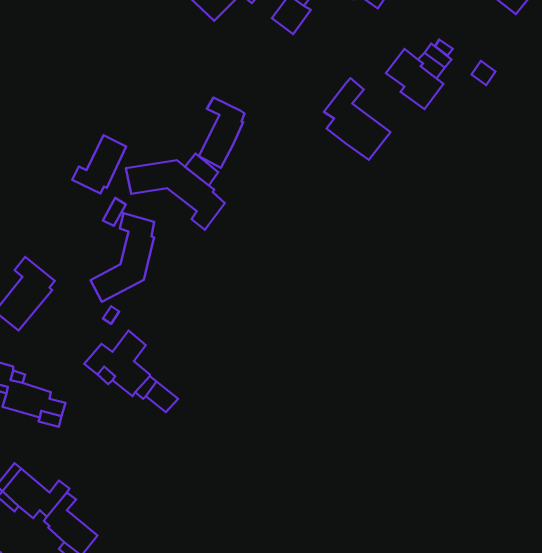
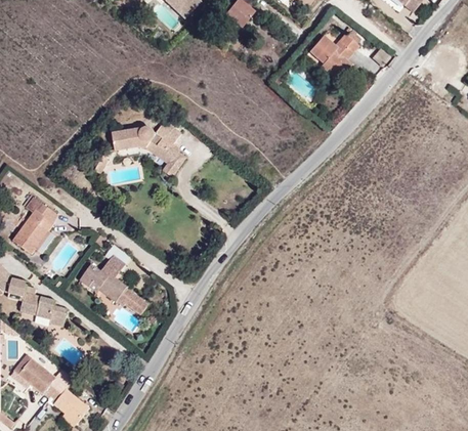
building: [324,78,390,160] -> none
building: [199,97,245,168] -> none
building: [72,135,126,193] -> none
building: [91,213,154,302] -> none

